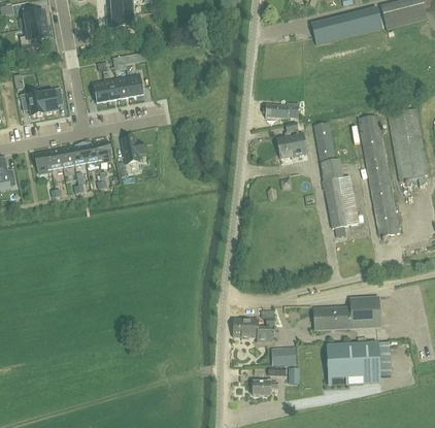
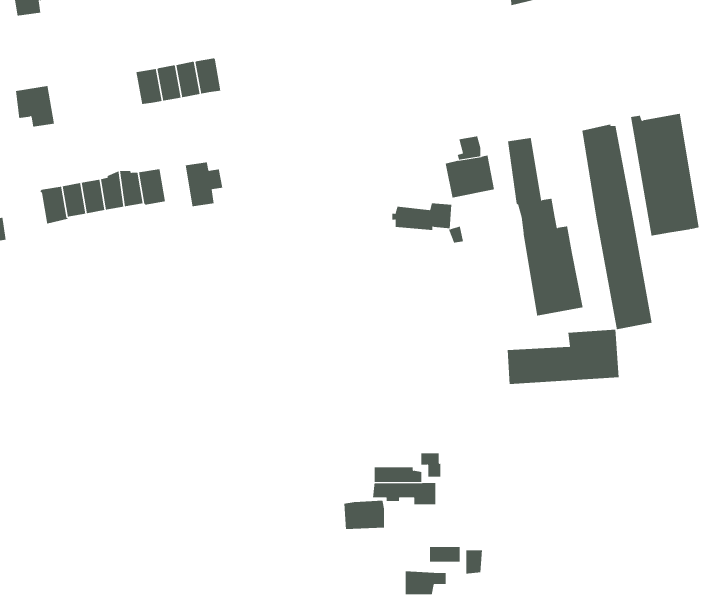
building: [40,86,63,112] -> none
building: [263,100,299,117] -> [391,203,452,230]
building: [312,295,379,328] -> [507,329,620,384]
building: [328,340,380,381] -> none
building: [271,345,296,363] -> [343,500,385,530]

